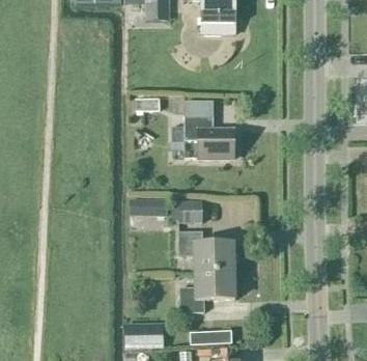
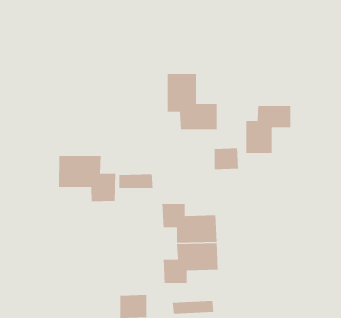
building: none -> [246,105,291,154]
building: none -> [58,155,116,202]
building: [178,200,203,223] -> [214,147,239,170]

